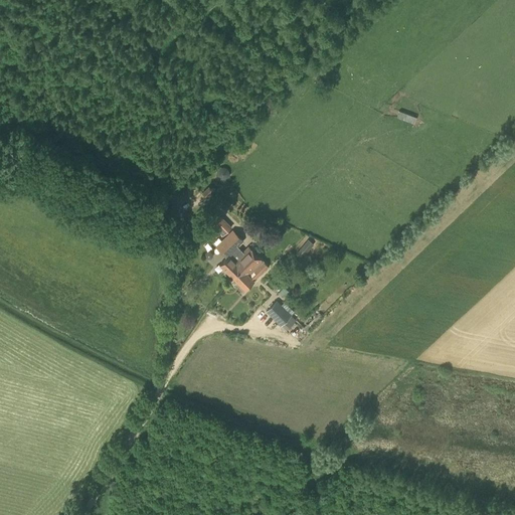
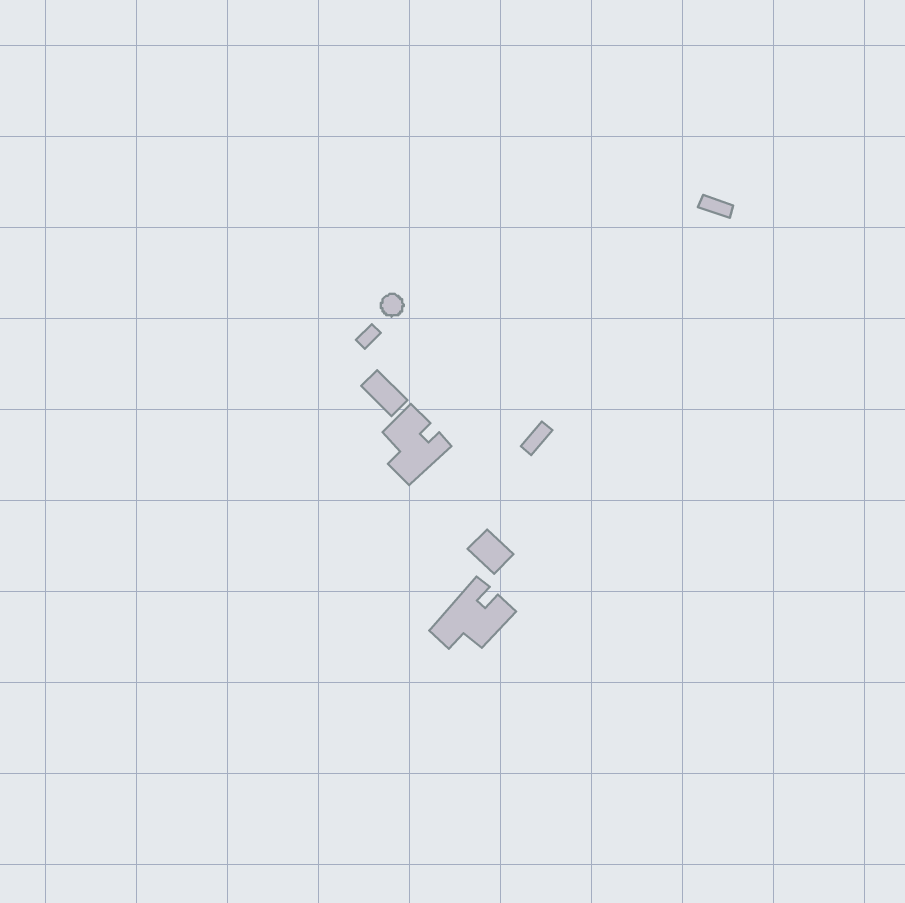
building: [232,254,269,290] -> none
building: none -> [429,577,516,649]

